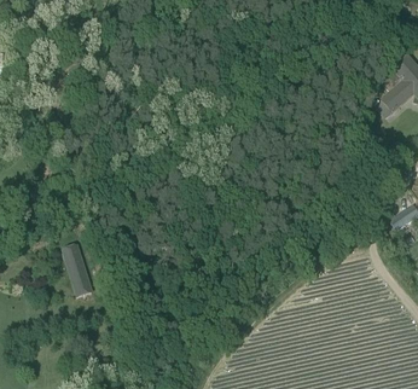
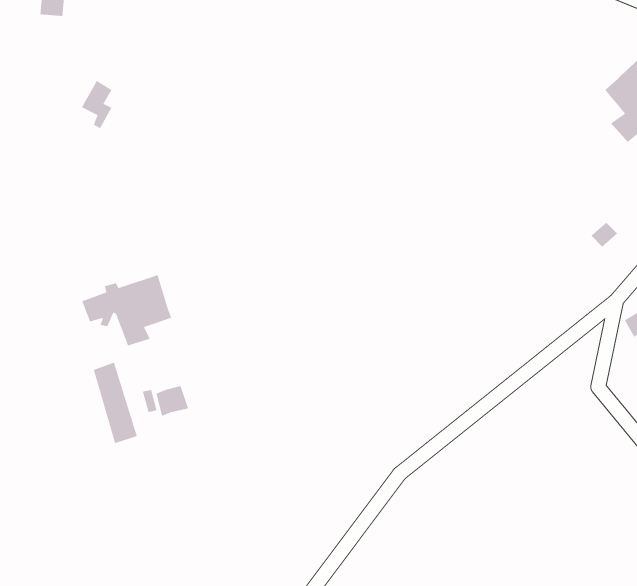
building: none -> [81,274,172,347]

